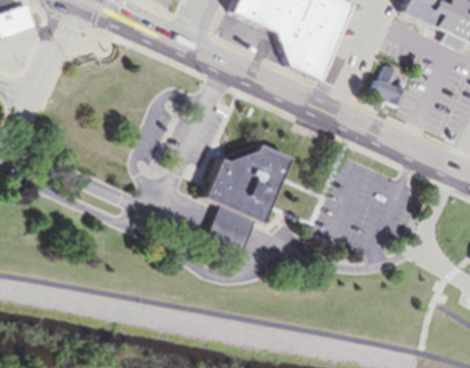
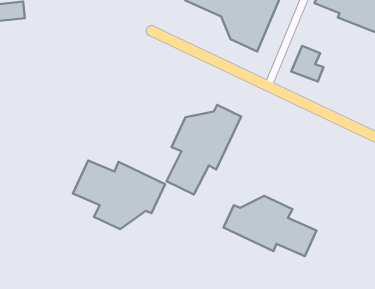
building: none -> [73,160,165,229]
building: none -> [224,196,317,256]

